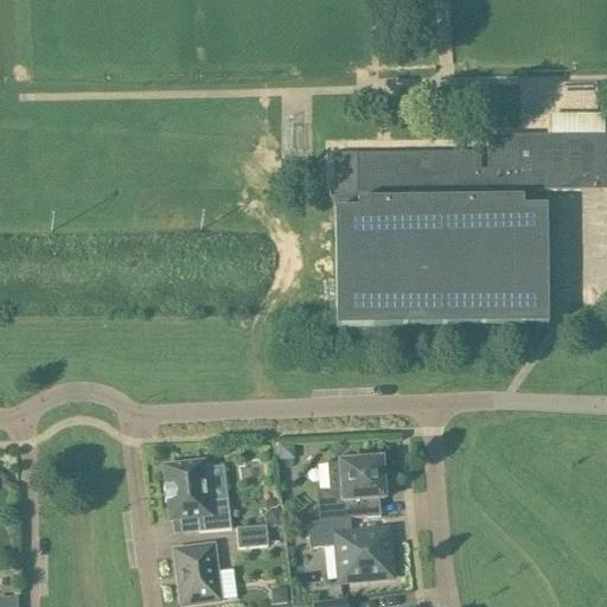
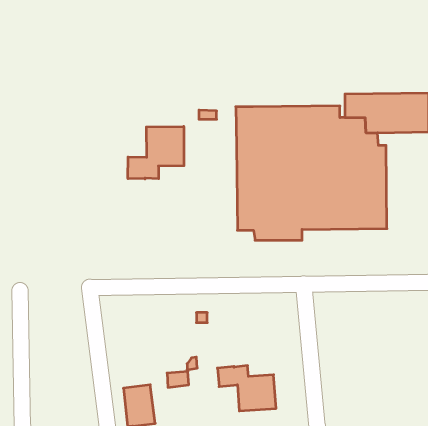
building: none -> [128,126,184,179]
building: [330,452,385,518] -> none
building: [164,460,231,530] -> none

